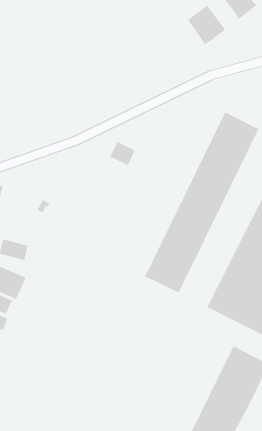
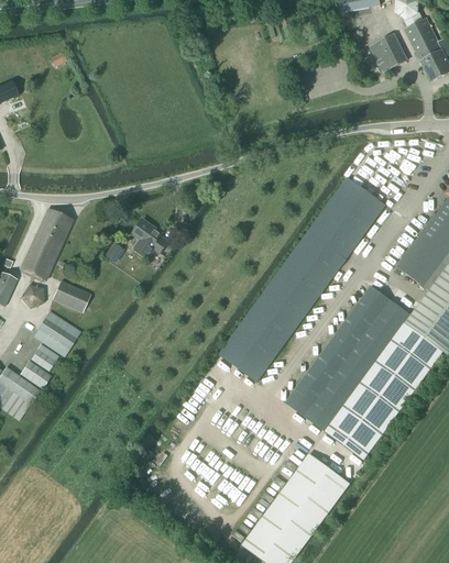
building: [187,5,226,45] -> none
building: [109,141,136,166] -> none
building: none -> [132,218,168,257]

